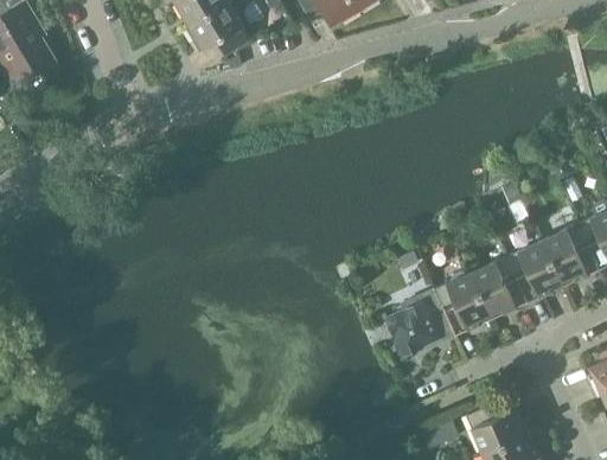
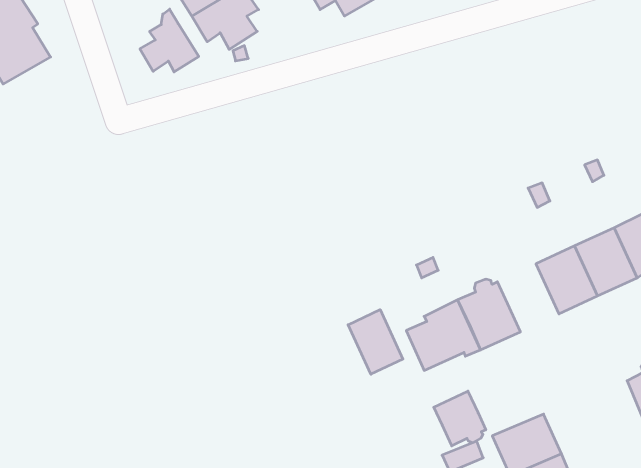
building: none -> [140,9,199,72]
building: [471,256,528,319] -> none
building: none -> [348,310,403,374]
building: none -> [434,391,486,446]

